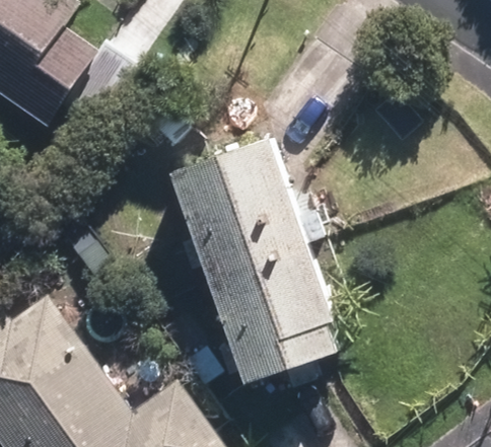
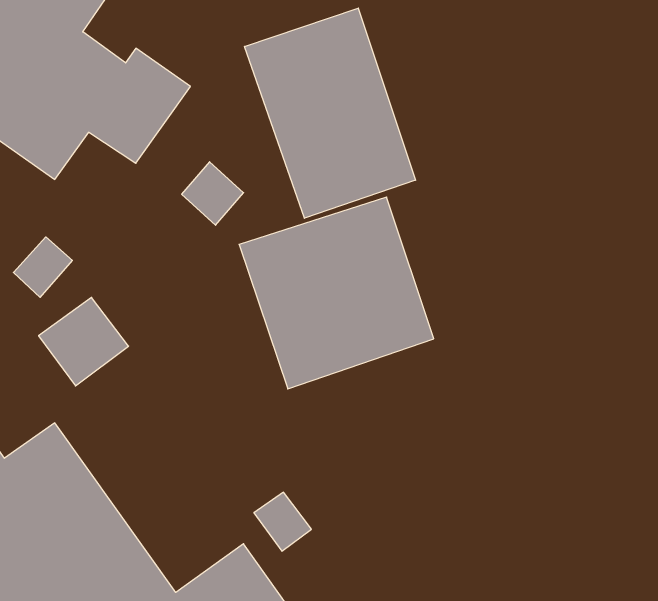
building: none -> [245,8,416,218]
building: [204,237,336,385] -> none

